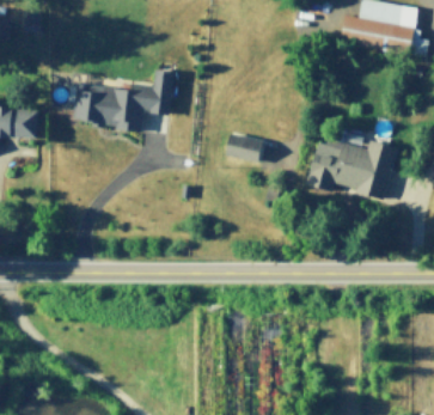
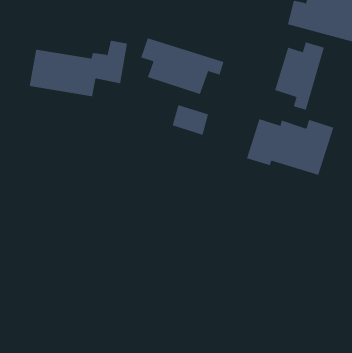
building: none -> [275,41,325,111]
building: none -> [141,37,224,95]

